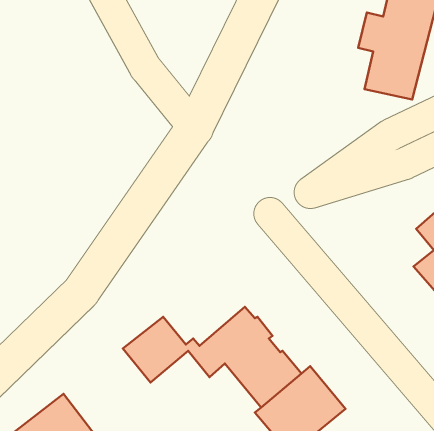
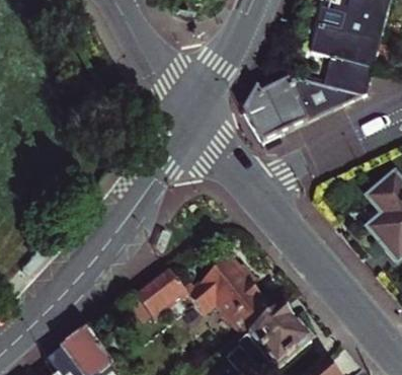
building: none -> [242,67,365,139]

